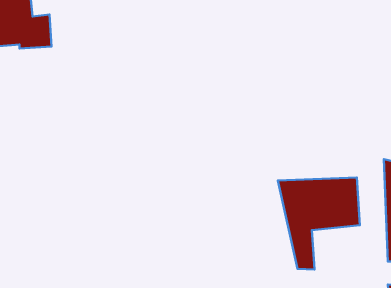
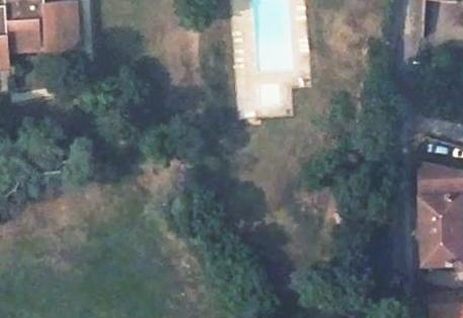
building: [278,178,360,270] -> none

